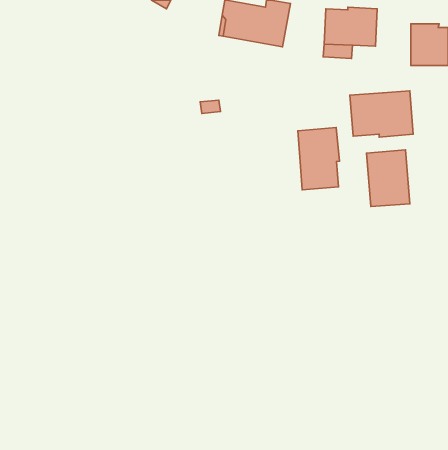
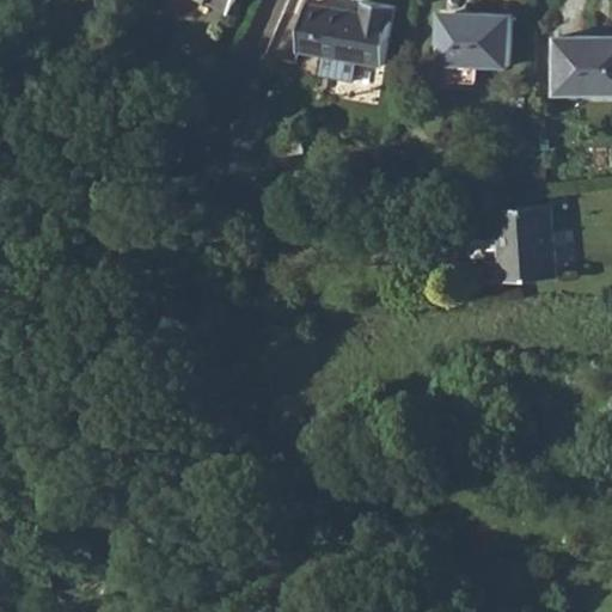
building: [350,91,413,137] -> none
building: [298,128,339,190] -> none

